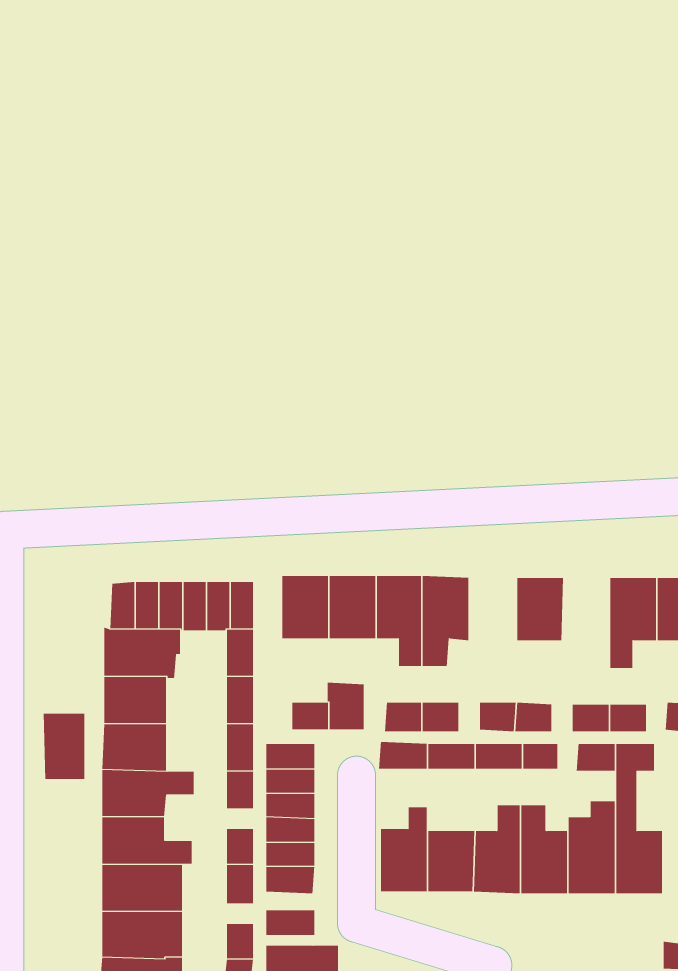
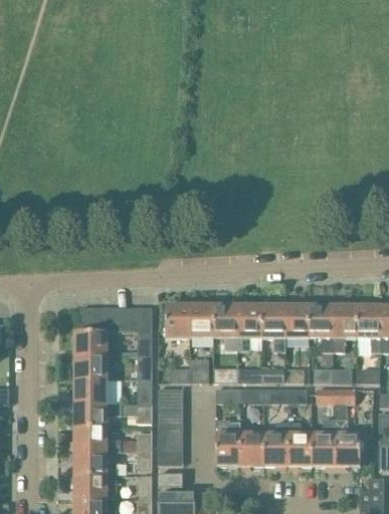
building: none -> [260,305,284,352]
building: none -> [308,305,332,351]
building: [43,713,85,780] -> none

